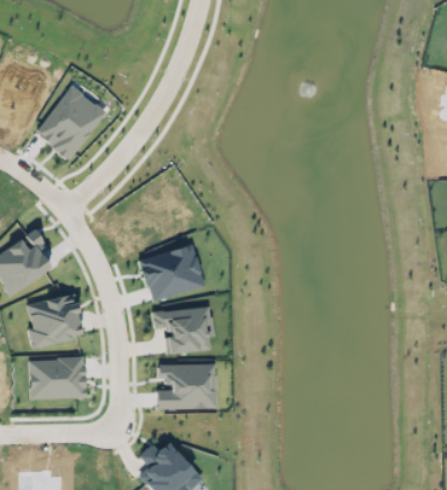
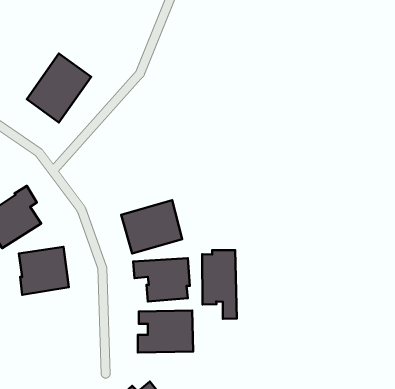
building: none -> [202,250,237,319]
building: [29,357,86,398] -> none

